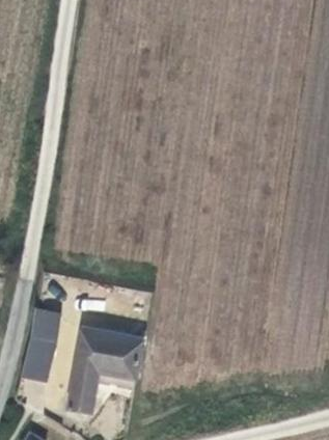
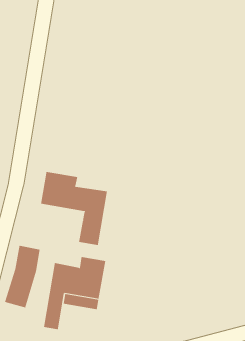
building: none -> [41,171,108,246]

